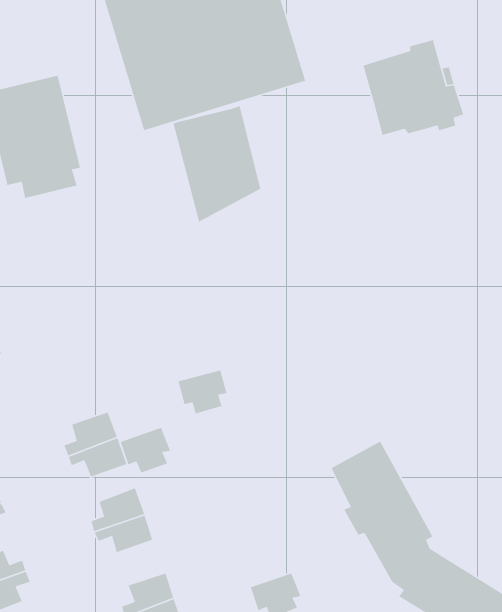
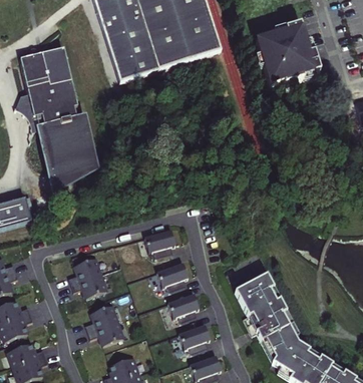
building: [173,105,261,223] -> [41,114,96,187]
building: [120,427,171,474] -> [151,264,184,293]
building: none -> [162,295,194,324]
building: none -> [173,326,206,355]

